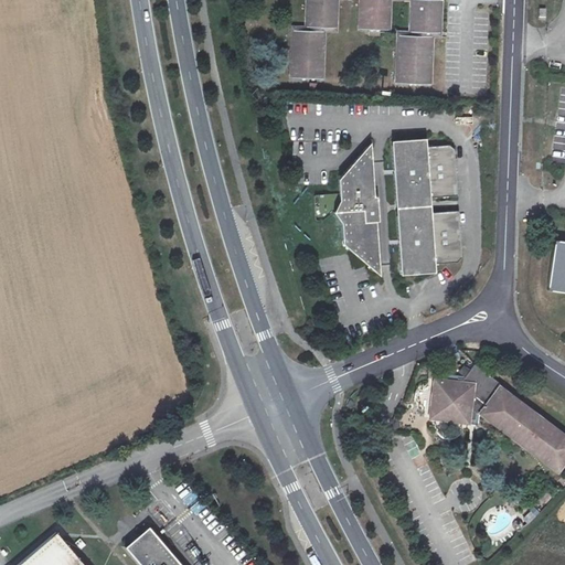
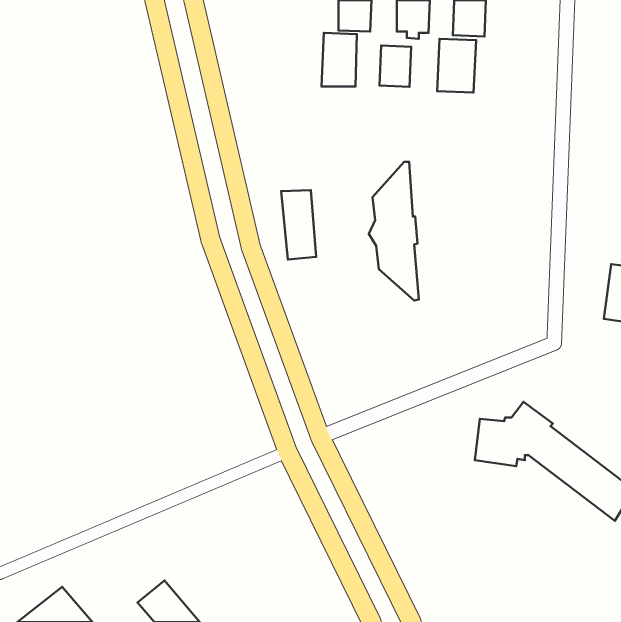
building: none -> [380,45,411,87]
building: [392,138,458,204] -> none
building: none -> [281,190,316,259]
building: [397,209,462,275] -> none

